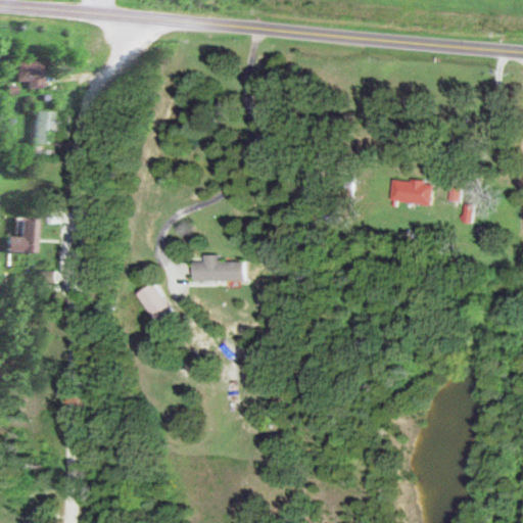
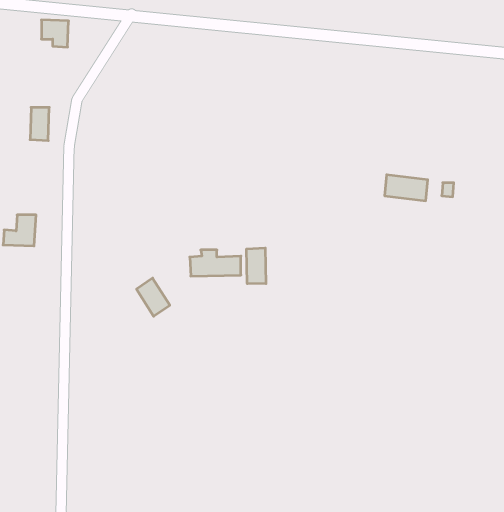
building: [12,60,40,88] -> [41,20,69,47]
building: none -> [247,248,266,284]

